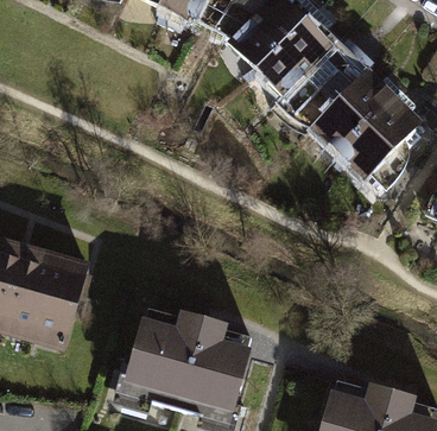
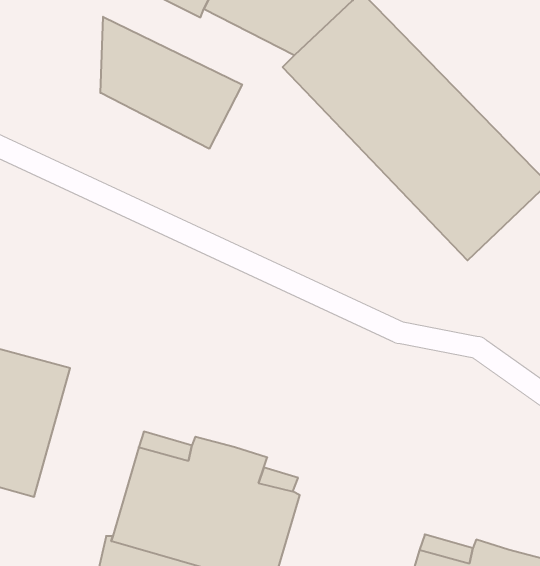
building: none -> [100,17,242,149]

